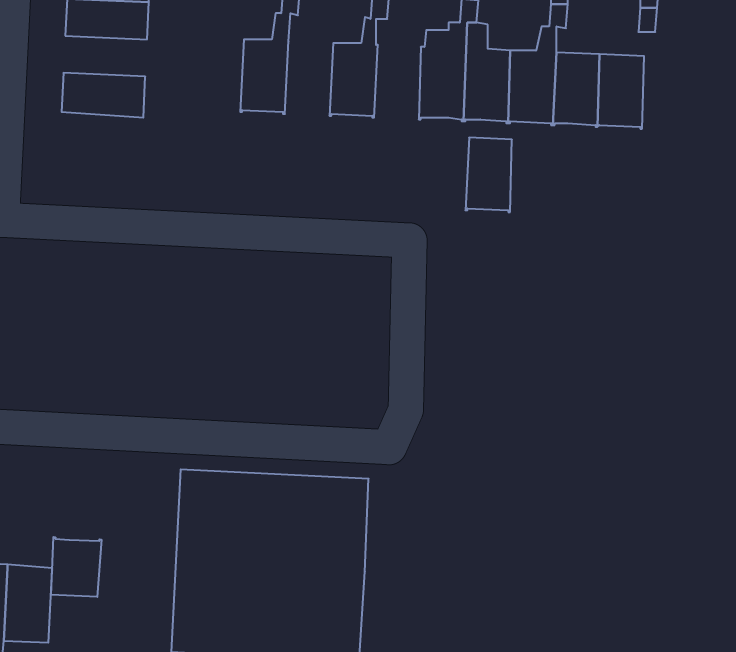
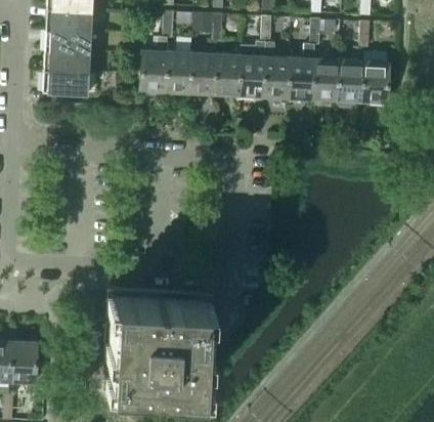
building: none -> [43,50,89,73]
building: none -> [165,53,191,94]
building: none -> [361,61,388,103]
building: [465,138,512,212] -> [214,55,240,96]
building: [51,537,101,597] -> none

